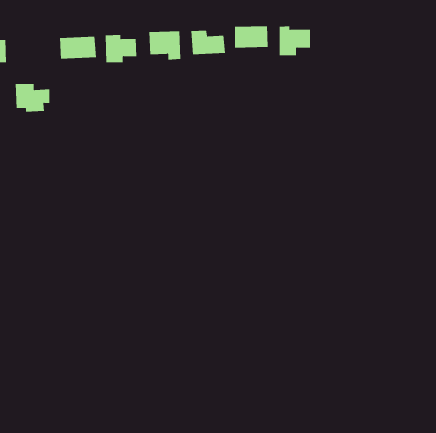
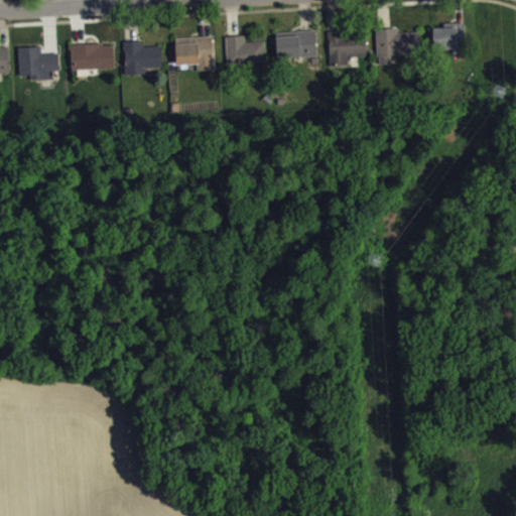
building: none -> [431,22,465,49]
building: none -> [375,27,419,64]
building: [15,84,50,112] -> [17,46,58,80]

